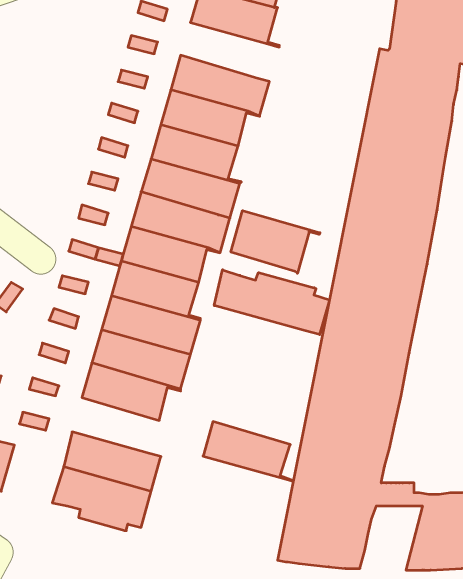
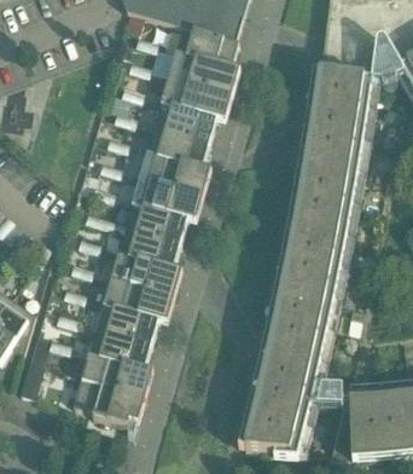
building: none -> [168,50,240,93]
building: [231,211,320,273] -> none
building: [214,270,330,335] -> none
building: [203,422,293,481] -> [88,325,155,369]

